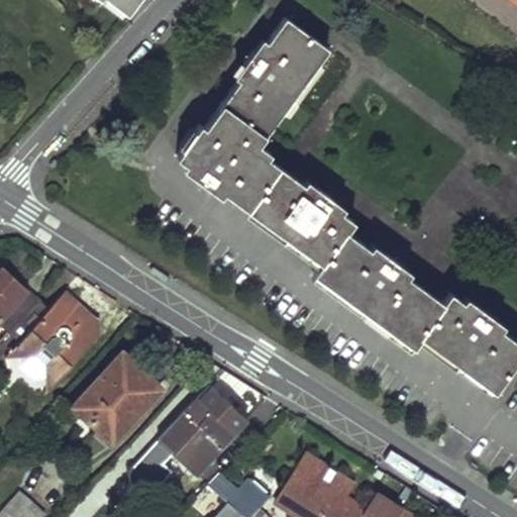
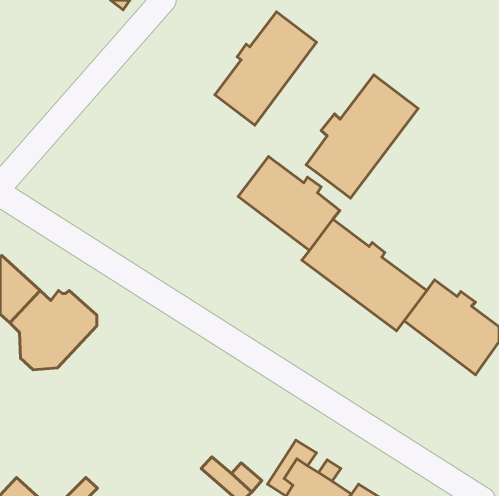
building: none -> [306,75,418,198]
building: [177,102,278,207] -> none
building: [79,358,161,445] -> none
building: [152,391,244,484] -> none

